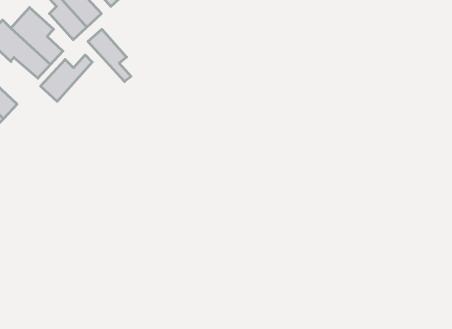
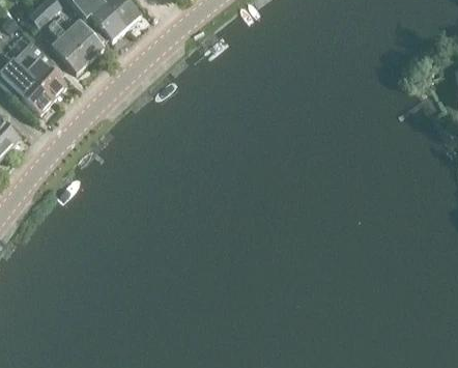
building: [88,29,131,82] -> none
building: [41,55,92,101] -> none

